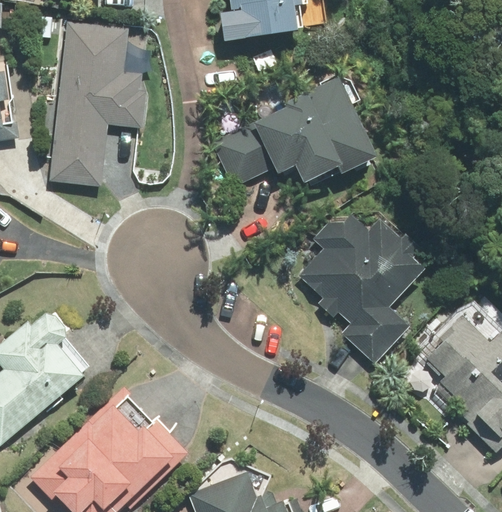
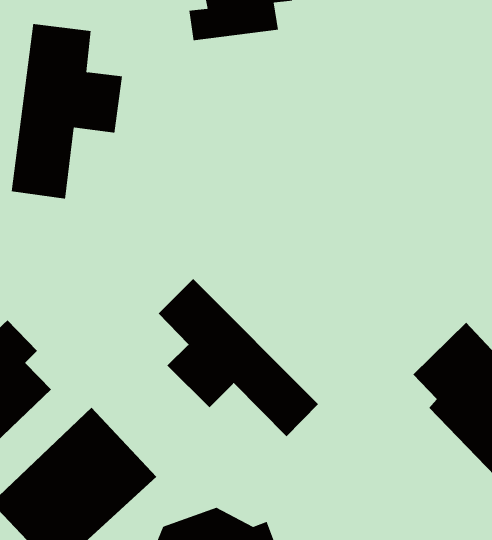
building: [213,77,372,190] -> none
building: [300,212,423,362] -> none
building: none -> [158,278,319,437]

